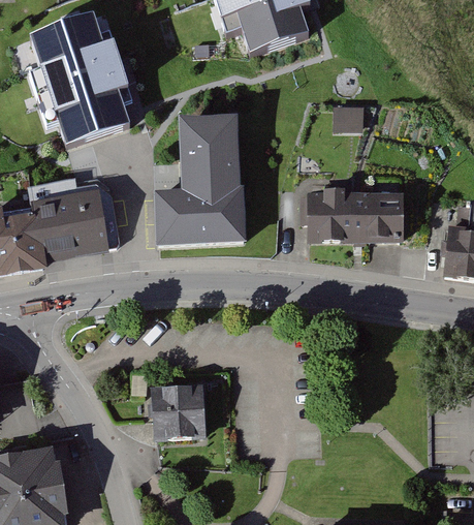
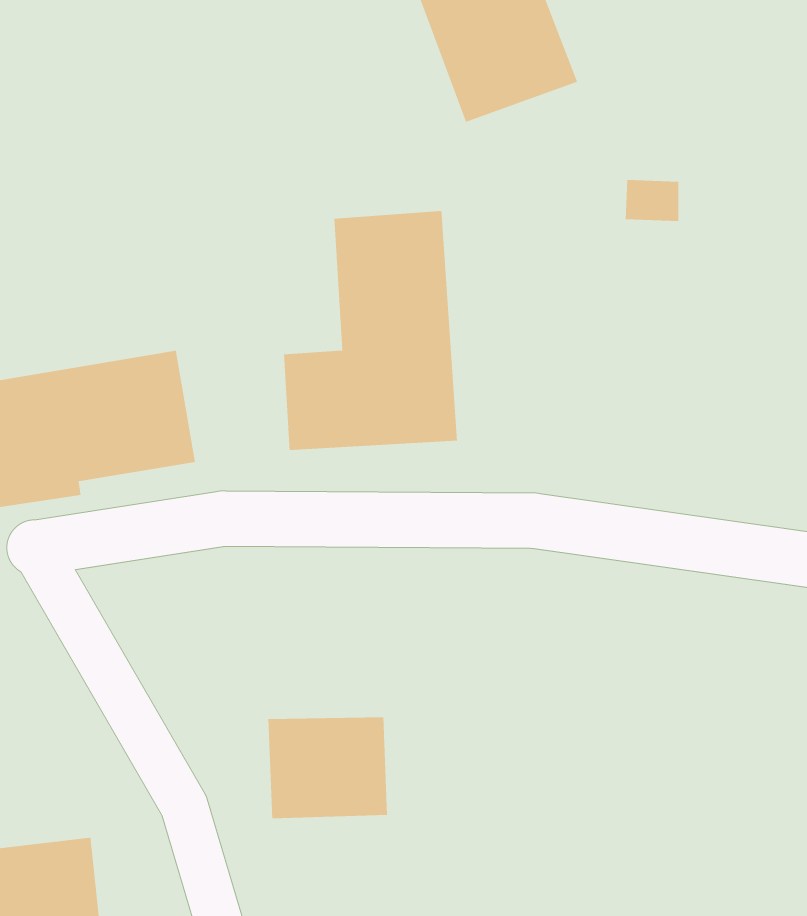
building: [29,25,132,154] -> none
building: [305,191,401,240] -> none

